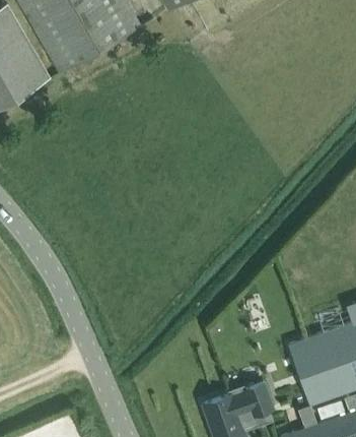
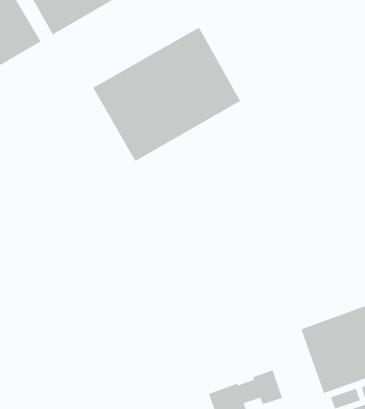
building: none -> [93,27,241,162]

